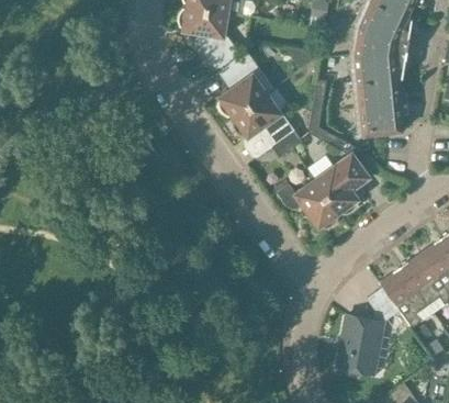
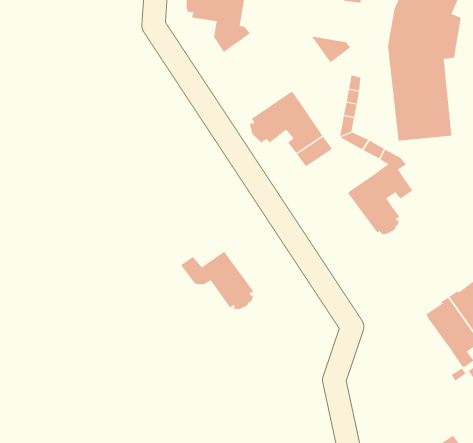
building: [211,44,269,116] -> none
building: [278,179,340,228] -> [180,251,254,309]
building: [338,287,401,373] -> none

